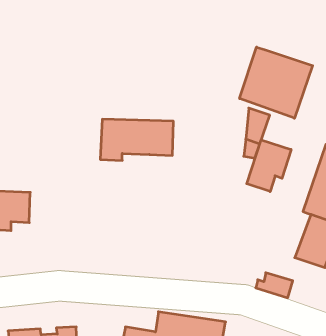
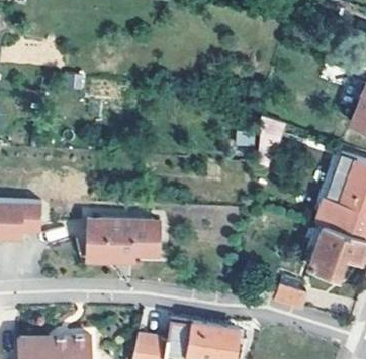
building: [240,47,313,118] -> none
building: [100,119,173,160] -> [85,220,159,261]
building: [247,140,291,192] -> none

